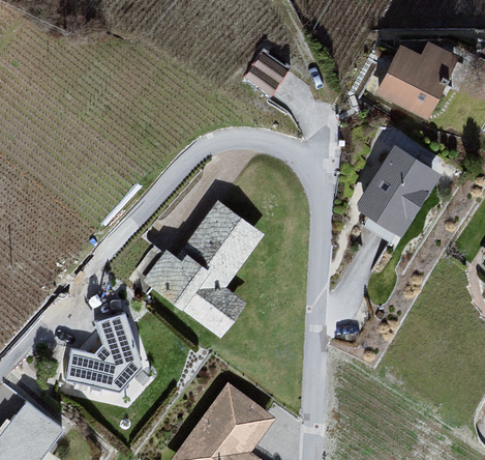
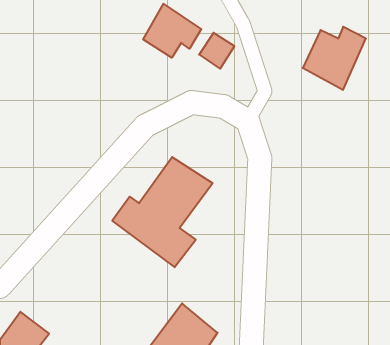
building: none -> [143,4,201,58]
building: [357,144,444,237] -> none
building: [64,316,139,393] -> none

